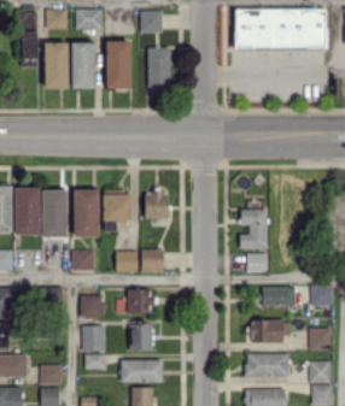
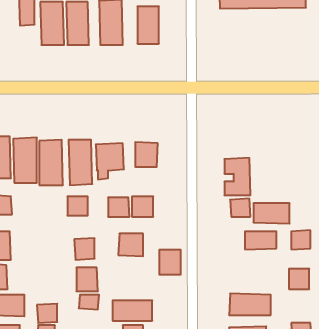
building: [251,319,290,341] -> [253,203,290,224]
building: [129,324,152,351] -> [159,250,181,275]
building: [309,360,332,383] -> none

